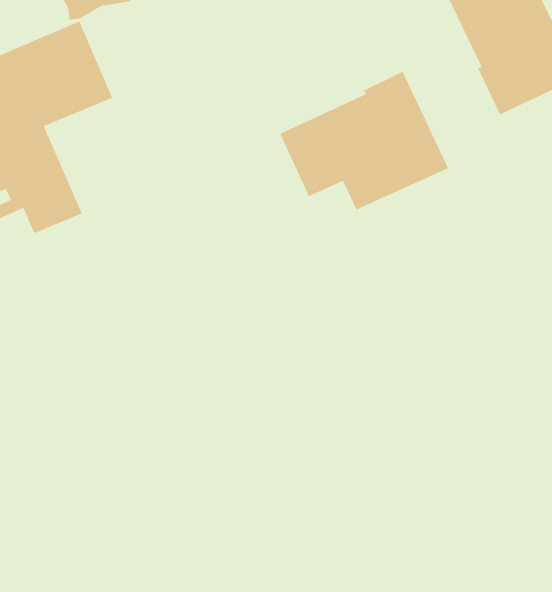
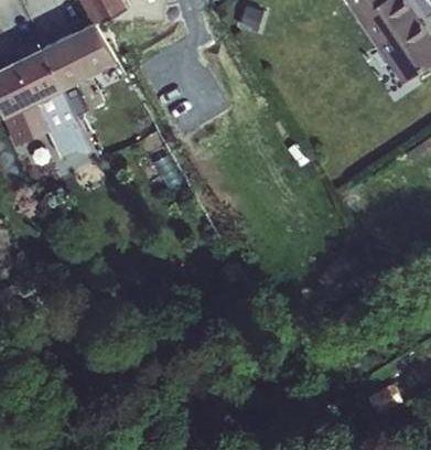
building: [279,71,449,210] -> none

